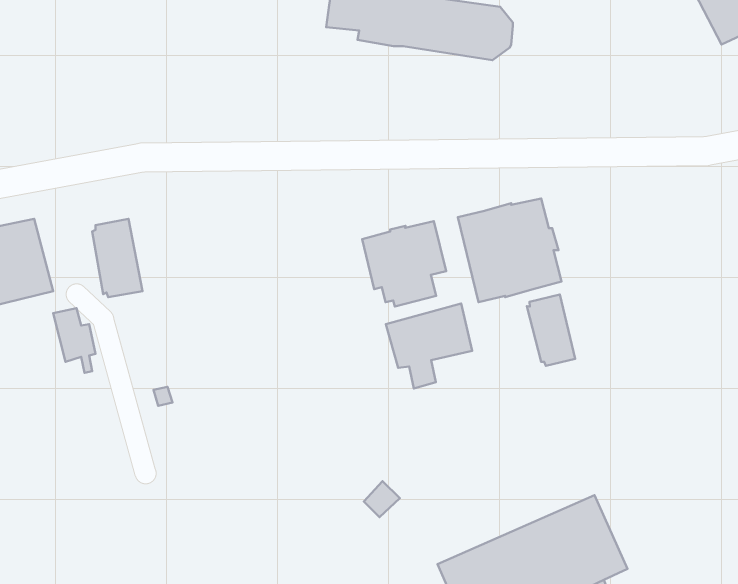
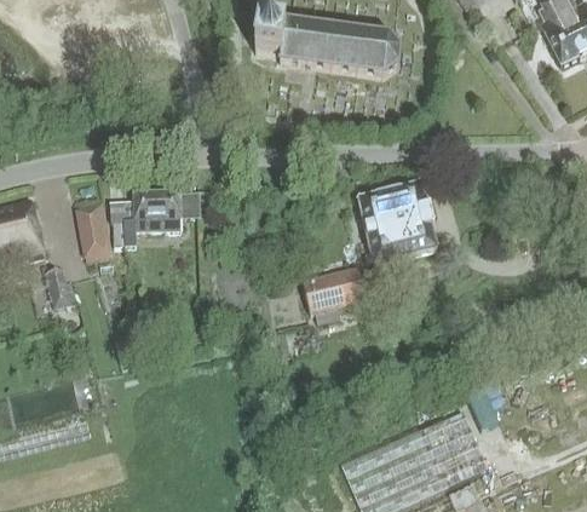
building: none -> [111,189,200,243]
building: [362,221,446,306] -> none
building: [527,294,575,366] -> none

